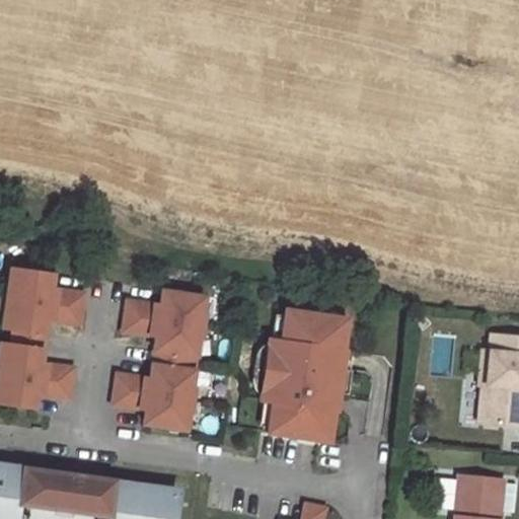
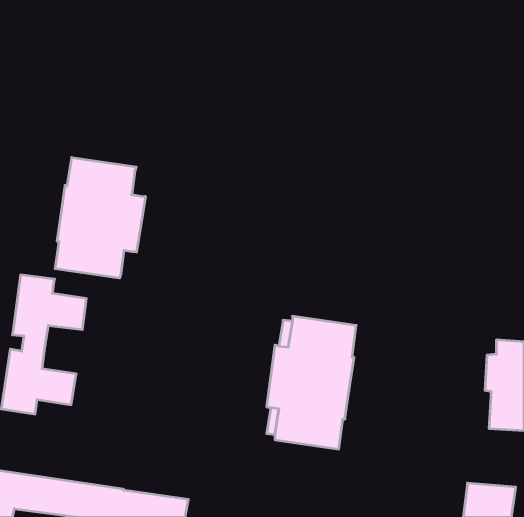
building: none -> [55,157,145,278]
building: [114,292,207,430] -> none

